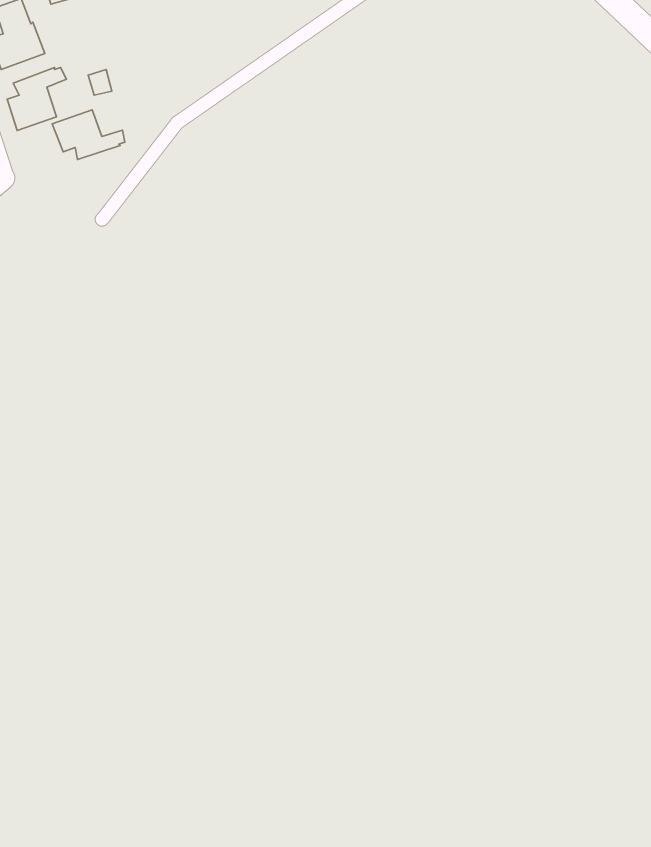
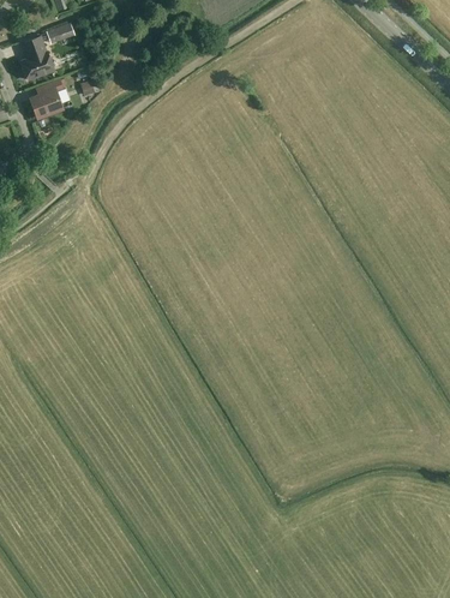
building: [52,110,125,159] -> none

